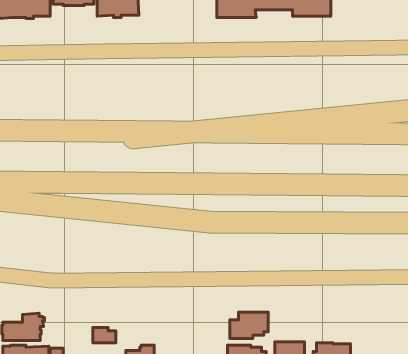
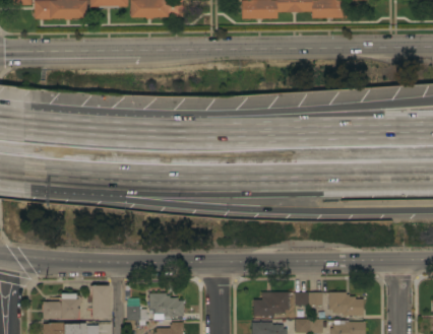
building: none -> [92,284,110,318]
building: none -> [295,291,323,306]
building: none -> [329,291,364,315]
building: none -> [149,292,185,319]

